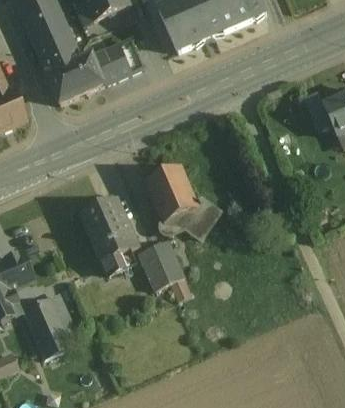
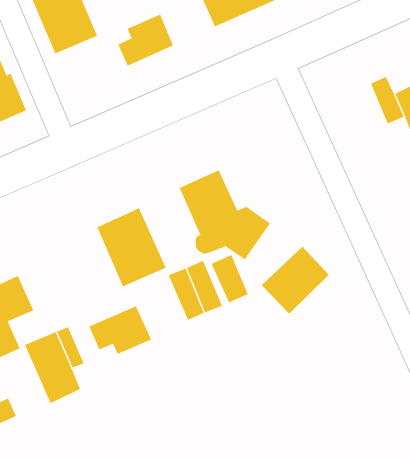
building: [46,53,104,102] -> none
building: none -> [261,246,330,315]
building: none -> [211,254,249,303]
building: none -> [89,306,152,355]

